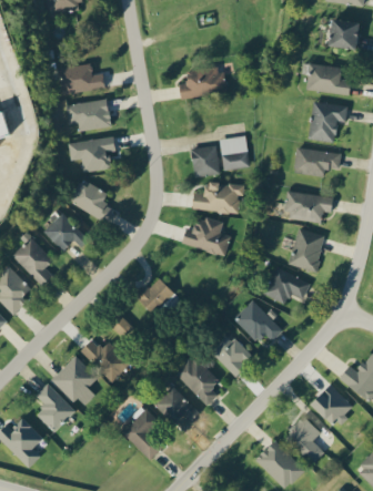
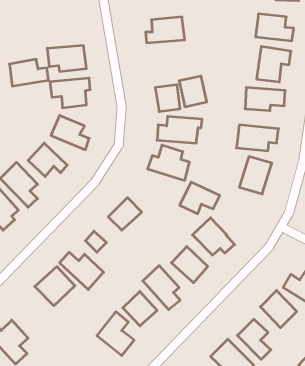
building: [60,63,105,94] -> [9,59,49,86]
building: [264,267,311,304] -> [180,182,220,214]
building: [37,382,75,432] -> none

